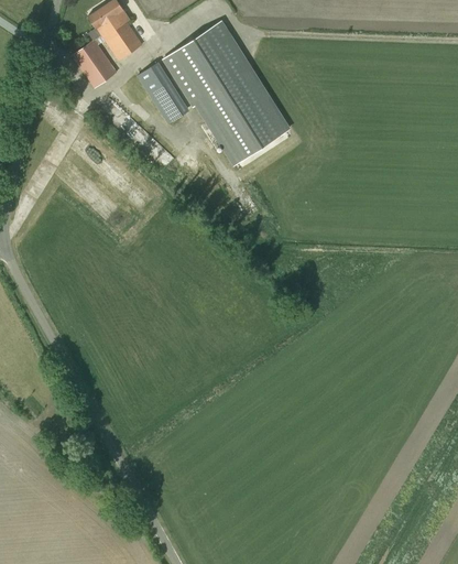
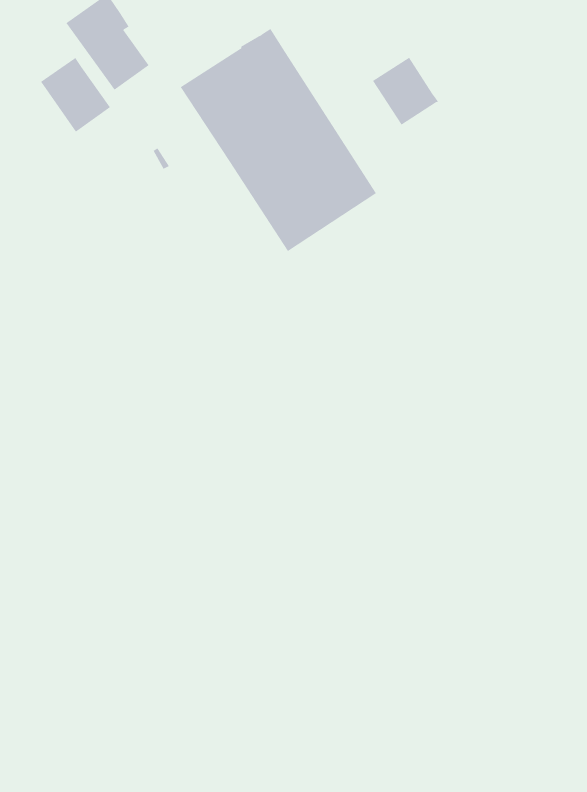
building: none -> [372,57,439,126]
building: [137,62,189,124] -> none

